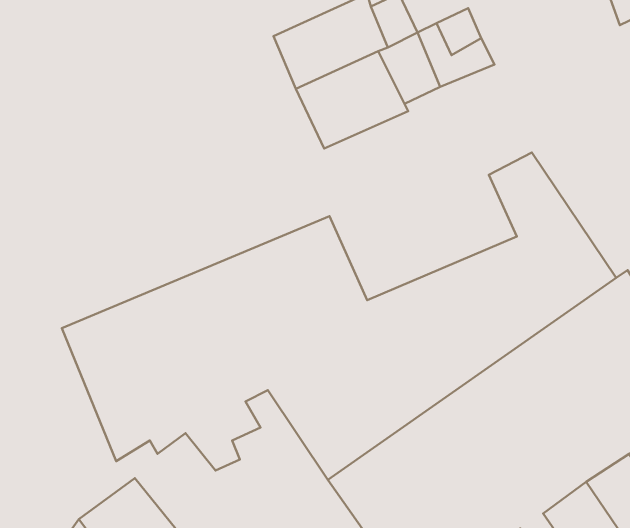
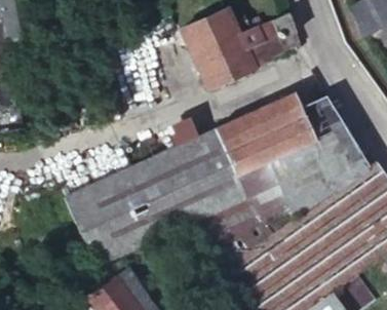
building: none -> [216,93,318,176]

